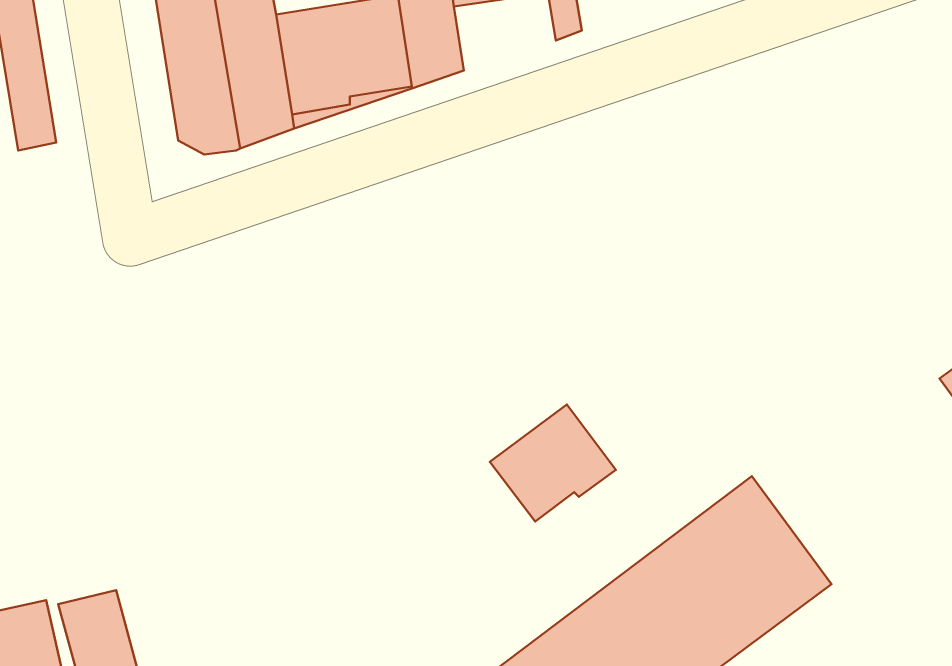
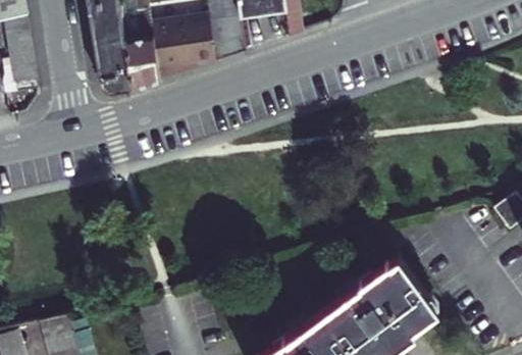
building: [490,405,616,521] -> none

